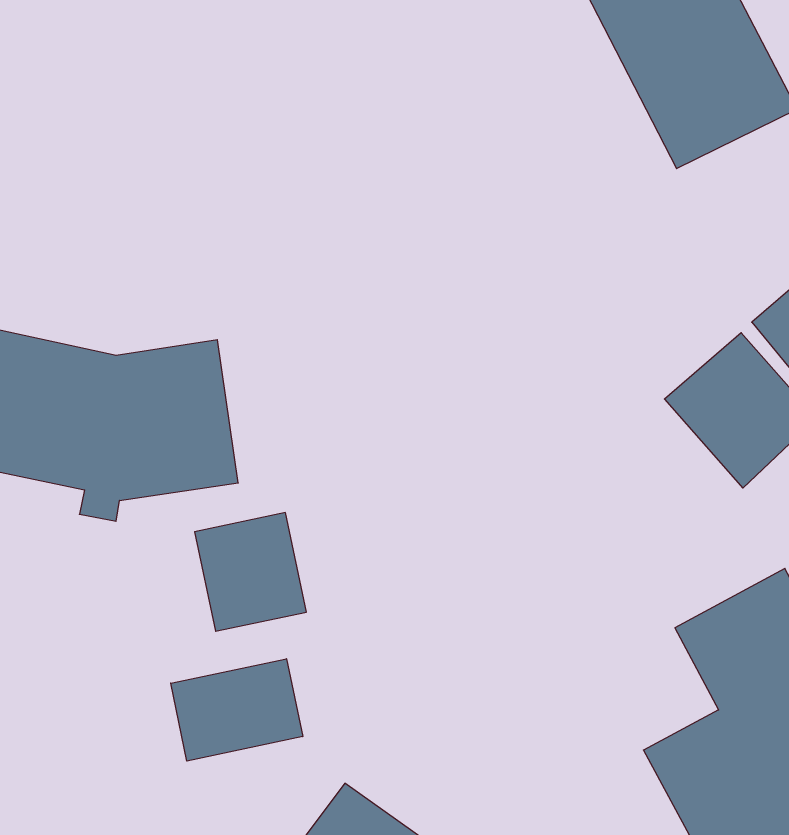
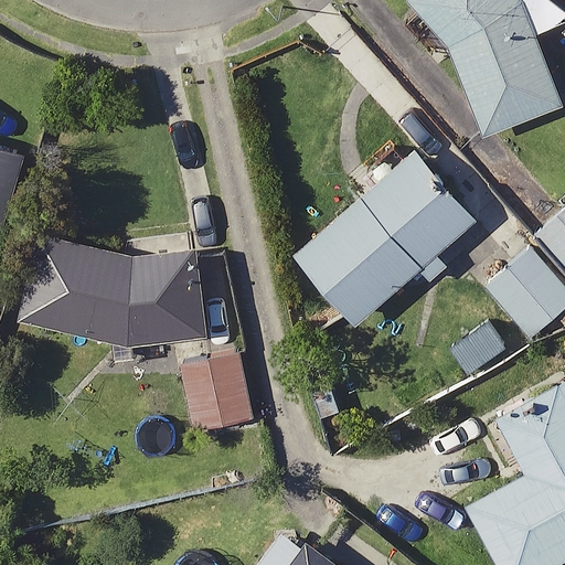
building: none -> [296,152,475,324]
building: [171,659,303,761] -> none

